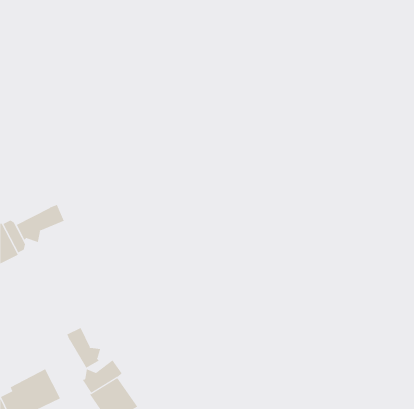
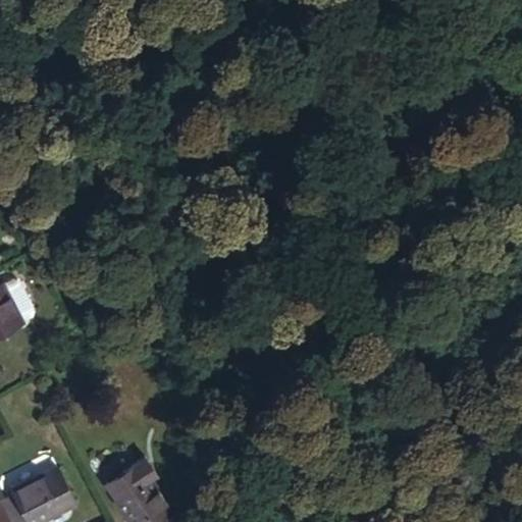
building: [16,204,65,243] -> none
building: [66,327,101,368] -> none

